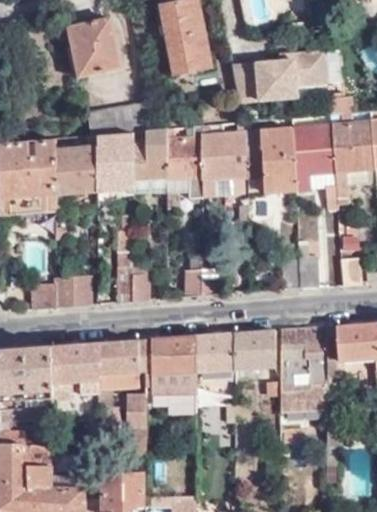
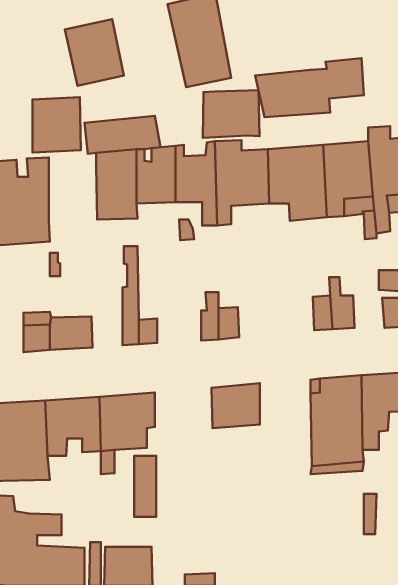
building: none -> [203,90,260,138]
building: [54,146,96,194] -> [32,97,81,153]
building: [237,331,275,370] -> none
building: [146,338,196,408] -> none

